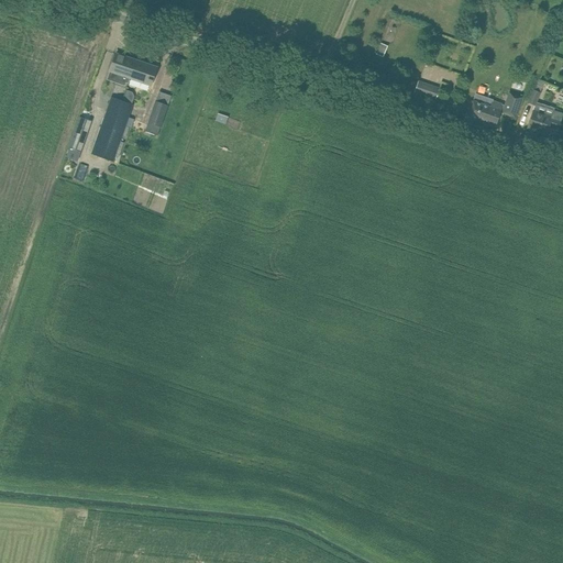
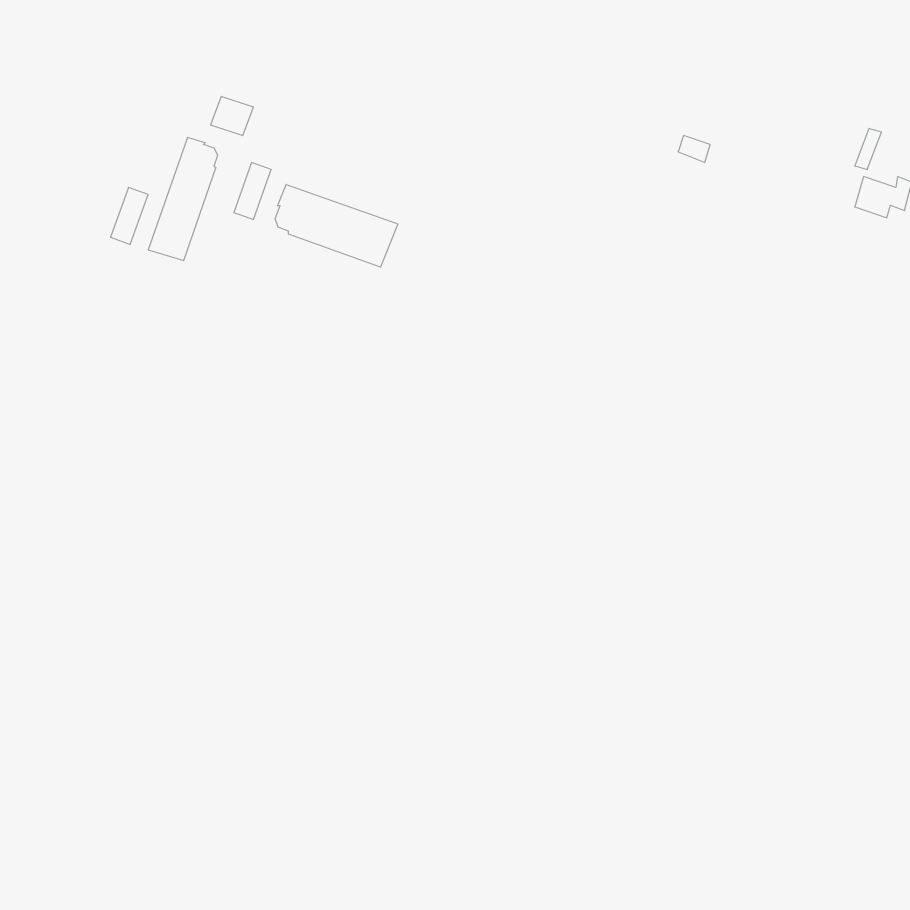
building: [110,52,137,77] -> none
building: [467,91,523,124] -> none
building: none -> [275,184,398,267]

